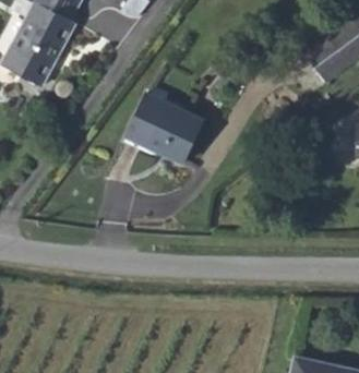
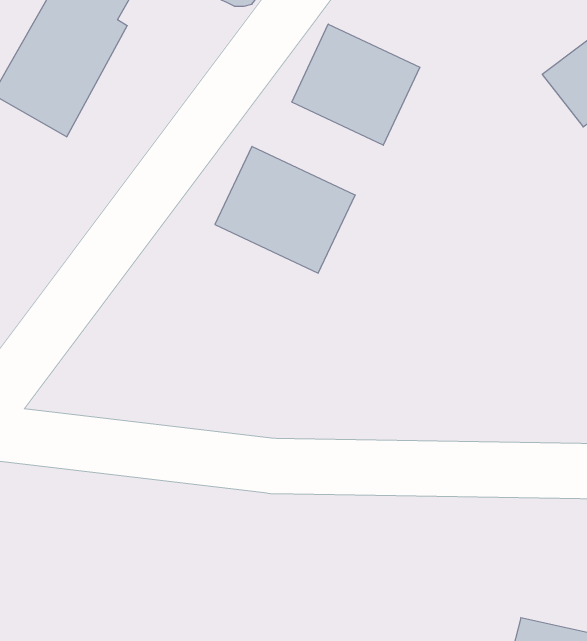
building: none -> [292,24,420,145]

